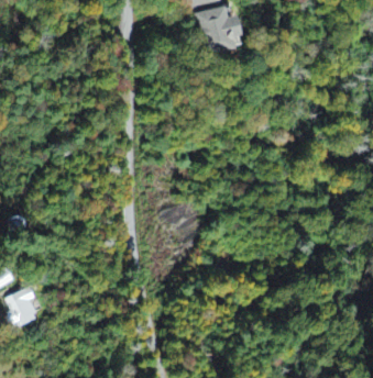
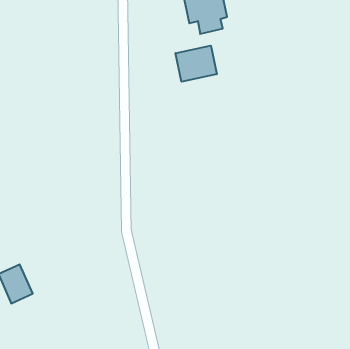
building: none -> [176,46,217,82]

